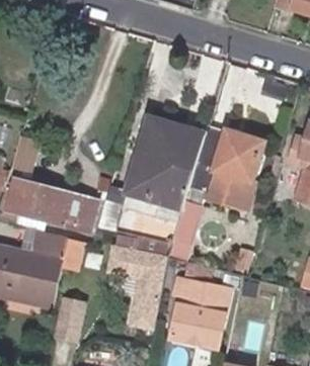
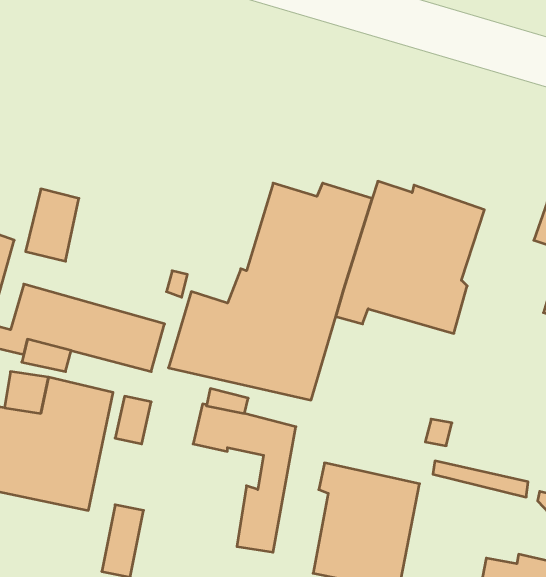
building: [167,200,204,265] -> none

